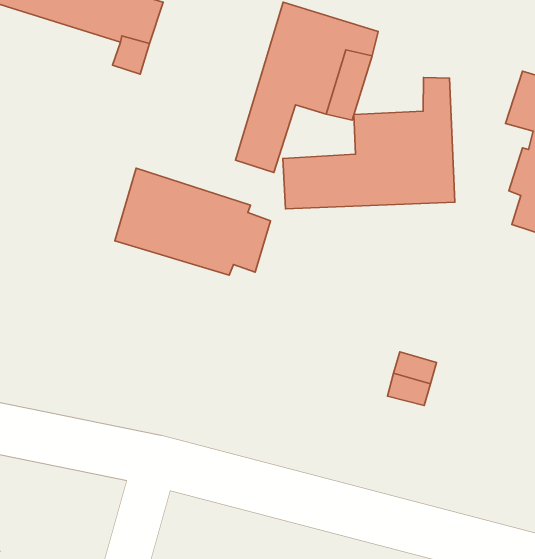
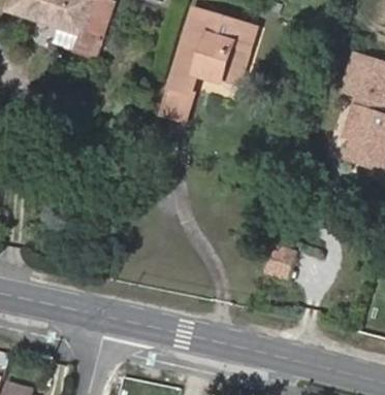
building: [283,78,455,209] -> none
building: [115,168,270,275] -> none

